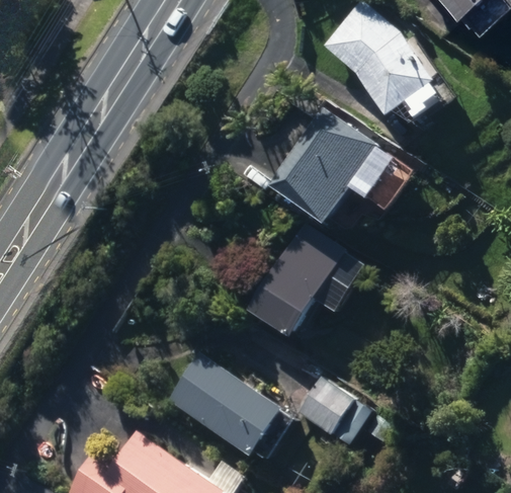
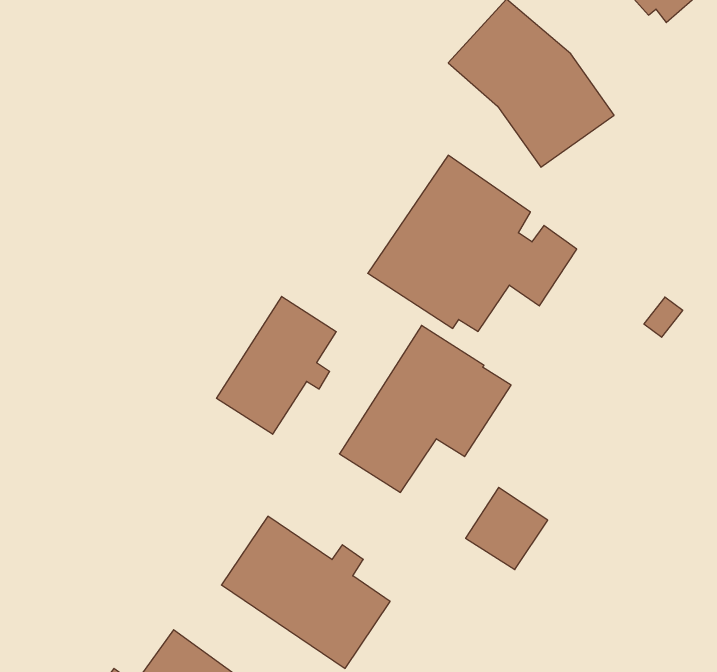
building: none -> [217,296,336,434]
building: [296,378,352,433] -> [466,487,548,570]

